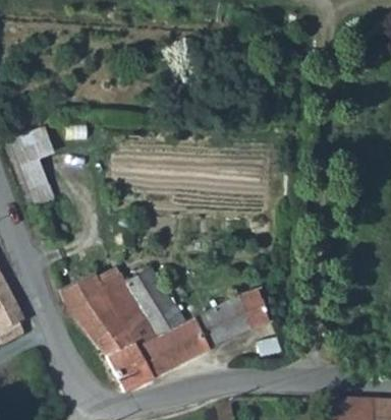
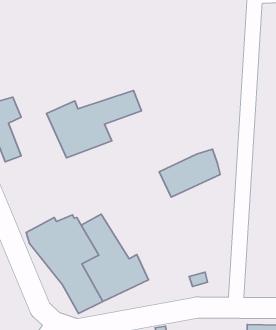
building: none -> [46,90,141,158]
building: [193,289,267,347] -> [159,149,220,197]

